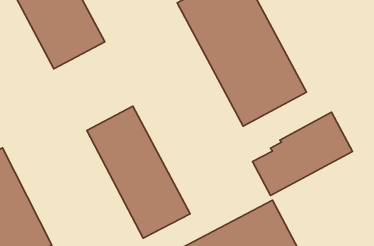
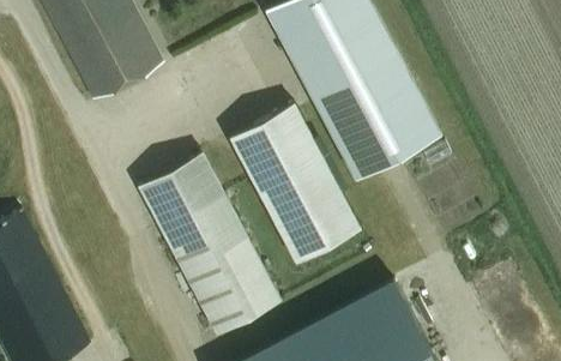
building: none -> [230,104,362,265]
building: [252,112,353,195] -> none

